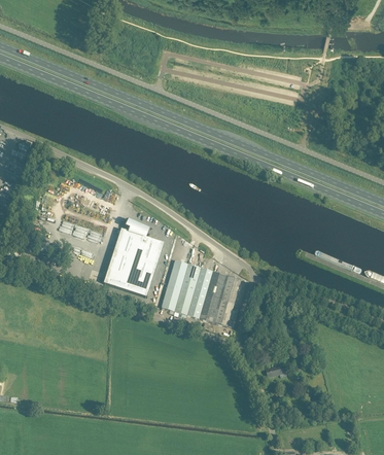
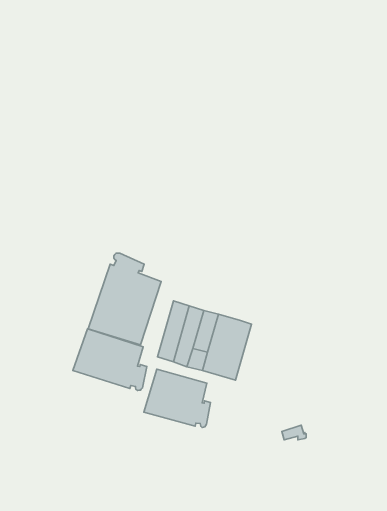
building: none -> [73,329,147,390]
building: none -> [144,369,210,427]

